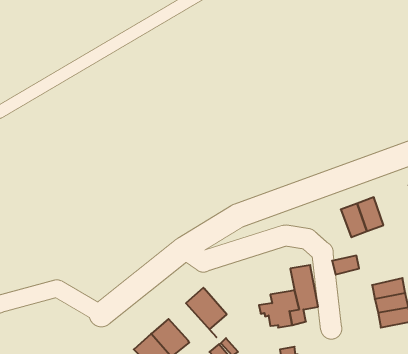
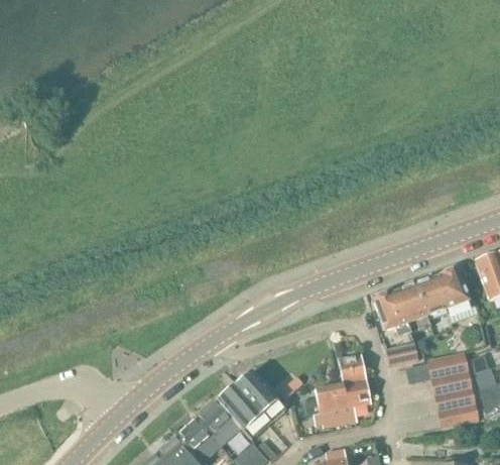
building: none -> [434,268,469,309]
building: none -> [373,290,411,338]
building: none -> [428,355,468,378]
building: none -> [238,370,285,422]
building: none -> [197,399,252,443]

